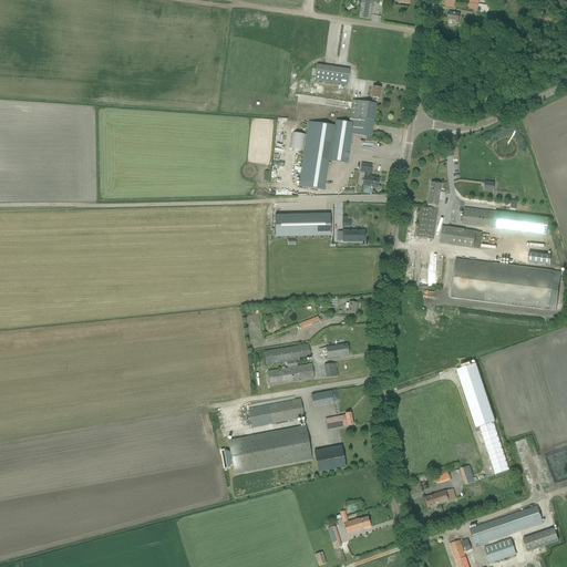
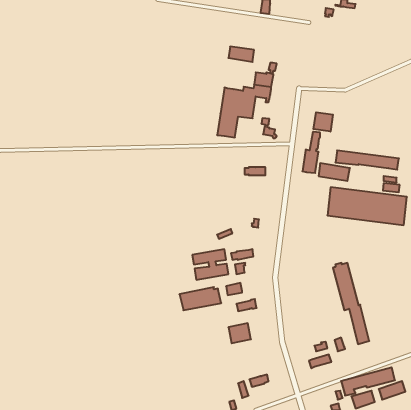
building: none -> [314,112,333,132]
building: [274,209,329,231] -> none
building: [227,425,312,474] -> none

